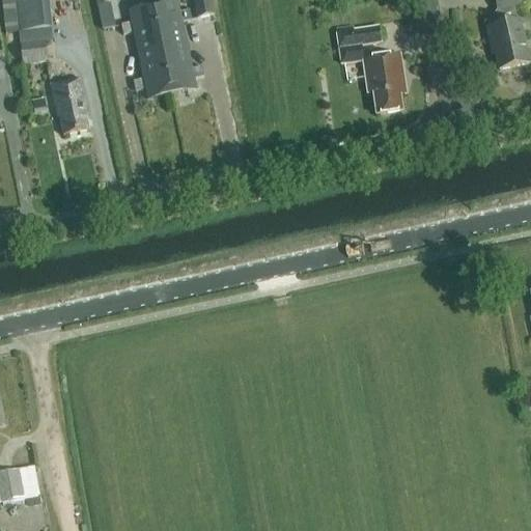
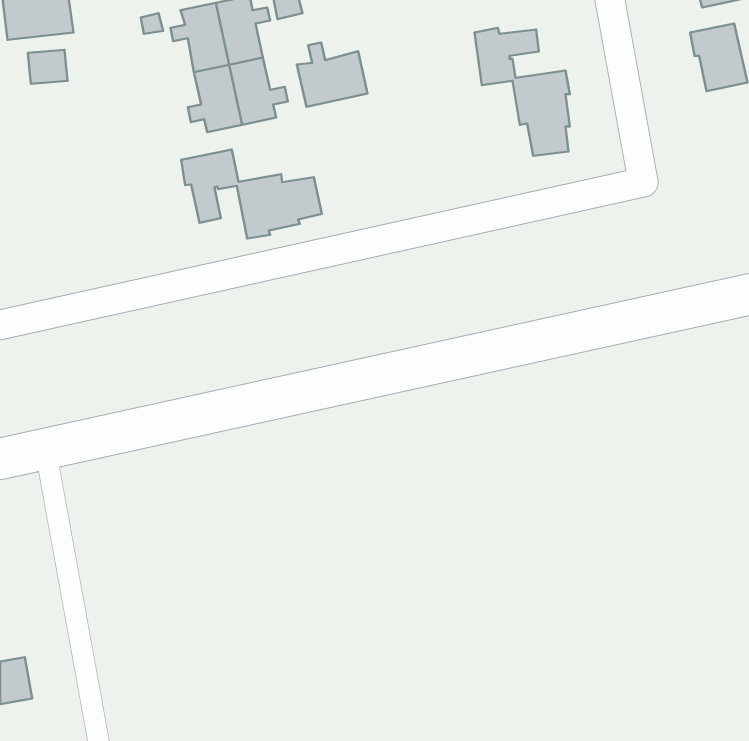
building: none -> [297,43,368,107]
building: [51,74,89,131] -> none
building: none -> [181,149,322,238]

